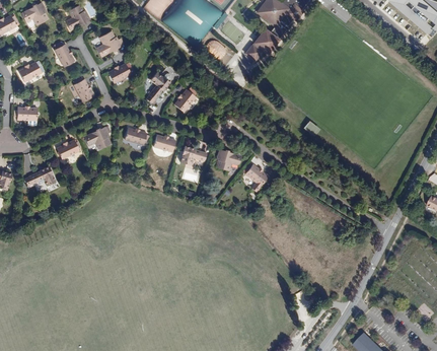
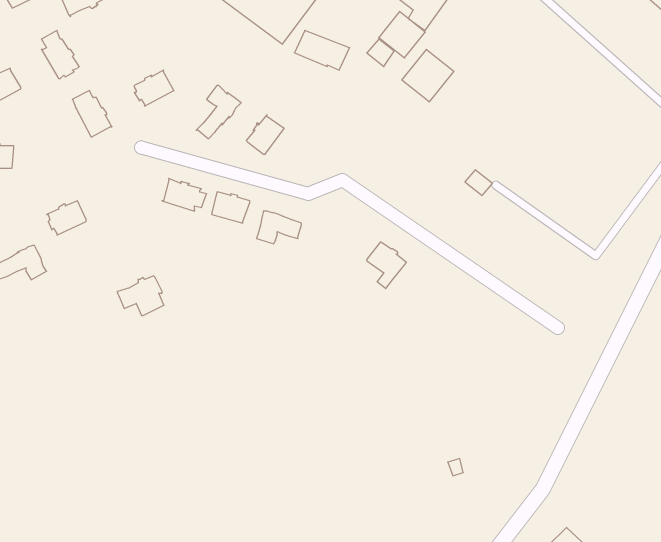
building: [95,30,122,57] -> none
building: none -> [402,49,454,102]
building: [83,126,111,149] -> [117,276,164,315]
building: [216,149,241,170] -> none

